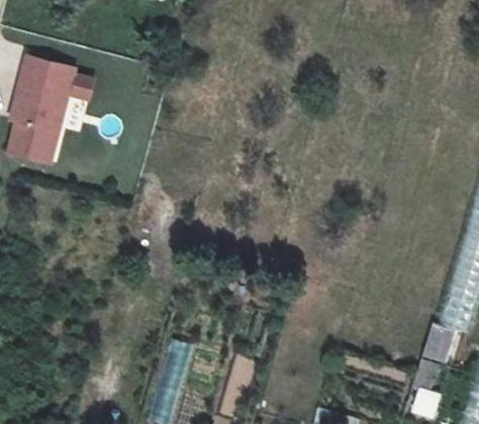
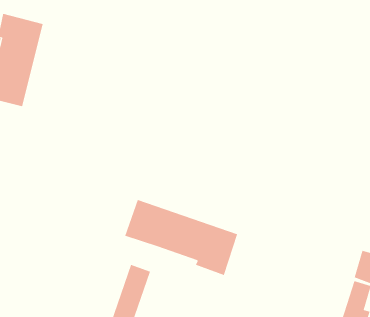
building: none -> [124,199,238,276]

